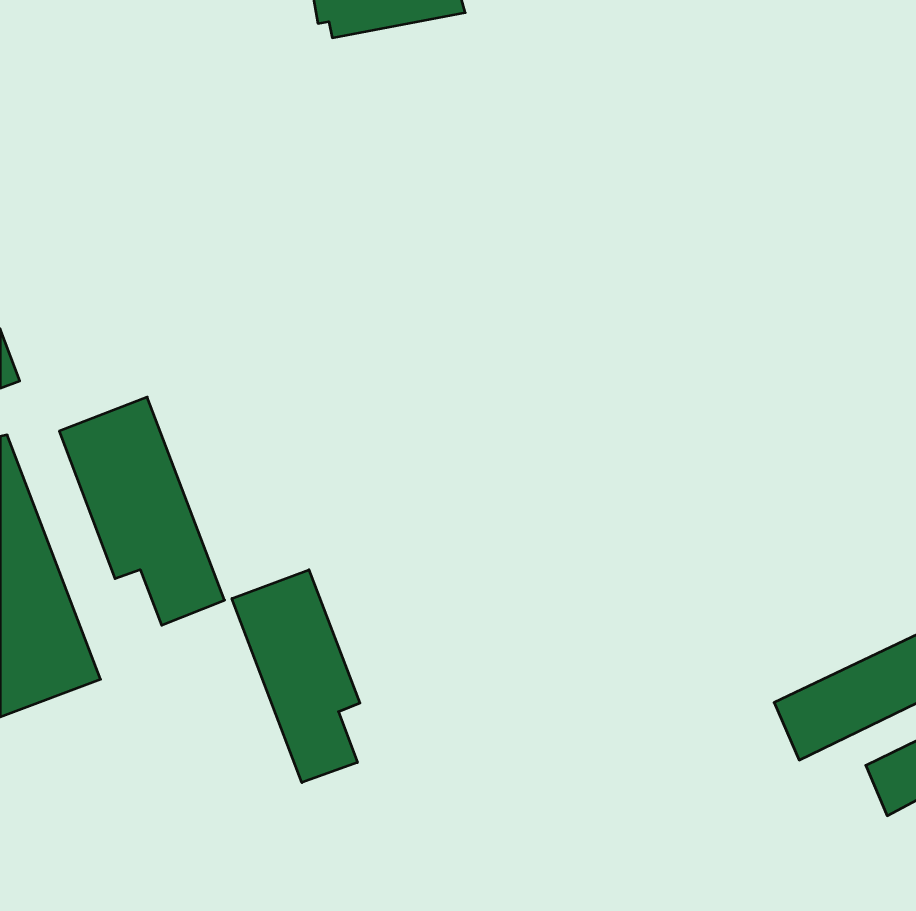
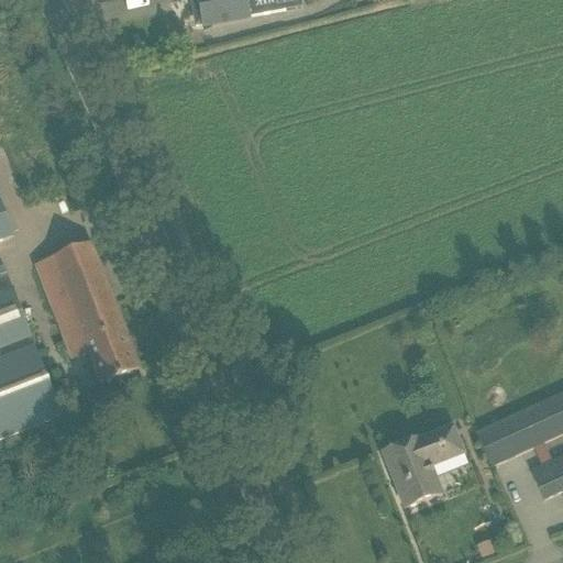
building: [232,570,360,783] -> none
building: none -> [384,424,464,507]

